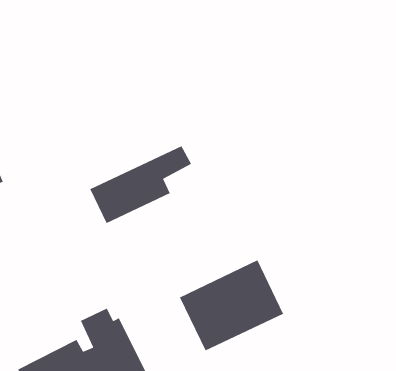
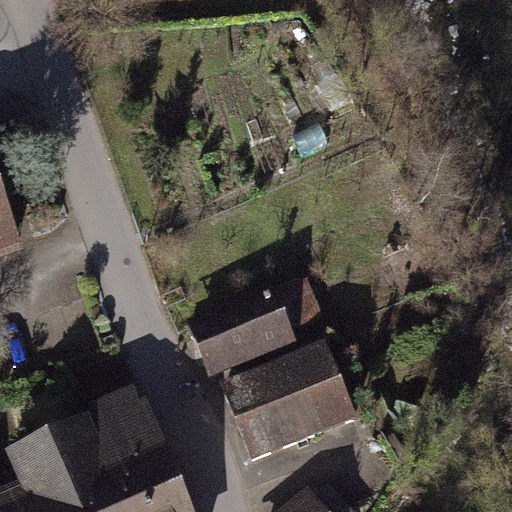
building: [89,145,192,224] -> [193,283,320,373]

